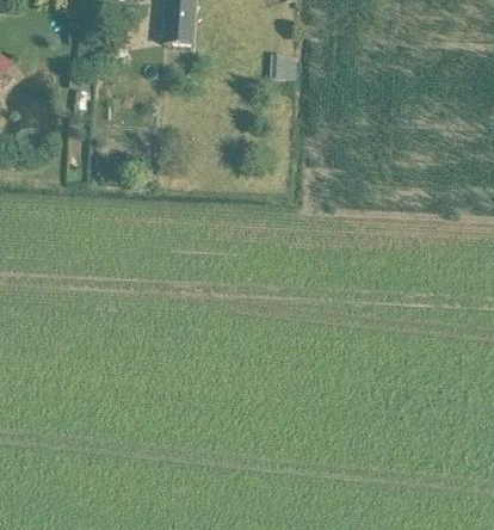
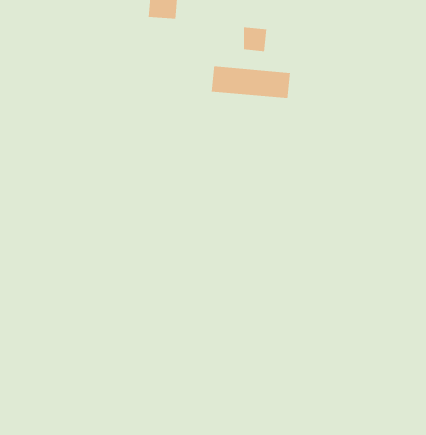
building: none -> [211,65,290,99]

